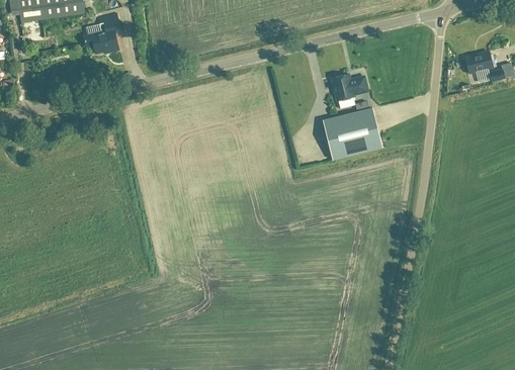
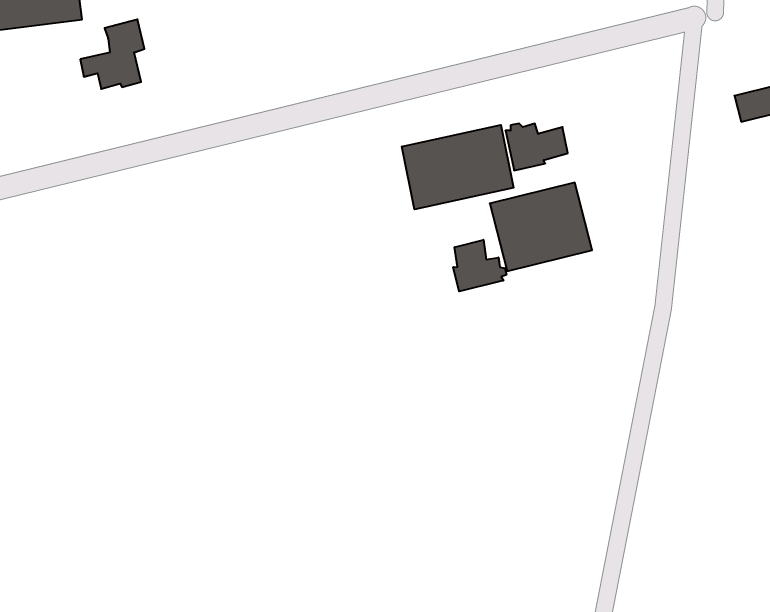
building: none -> [402,125,514,209]
building: none -> [453,240,507,291]

